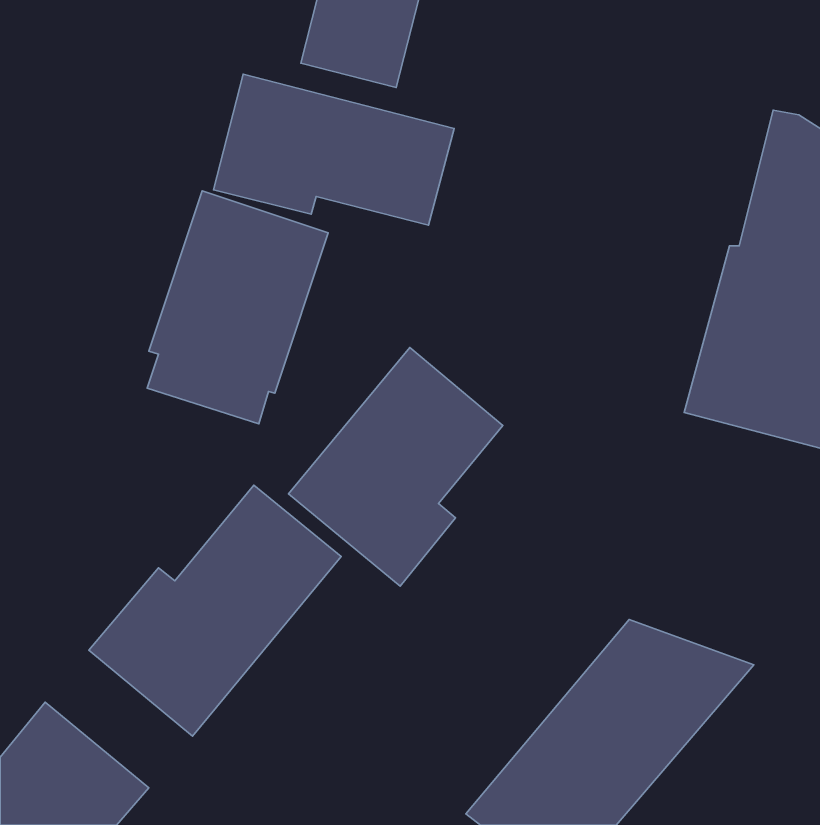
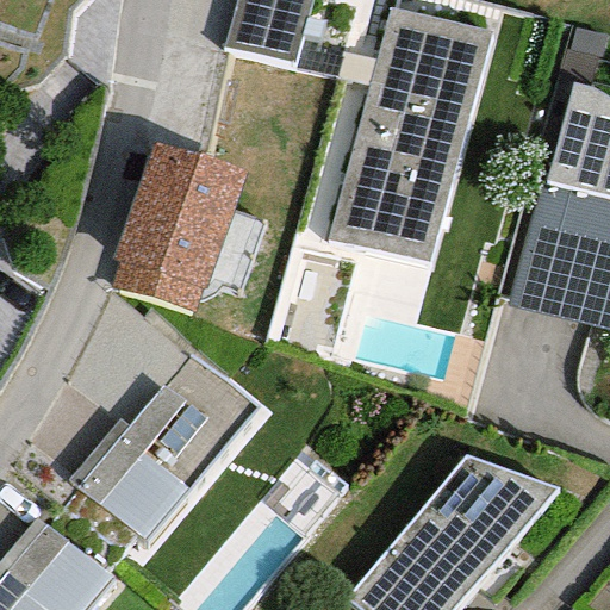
building: none -> [330,6,492,263]
building: [213,74,454,225] -> none
building: [289,347,503,586] -> none

